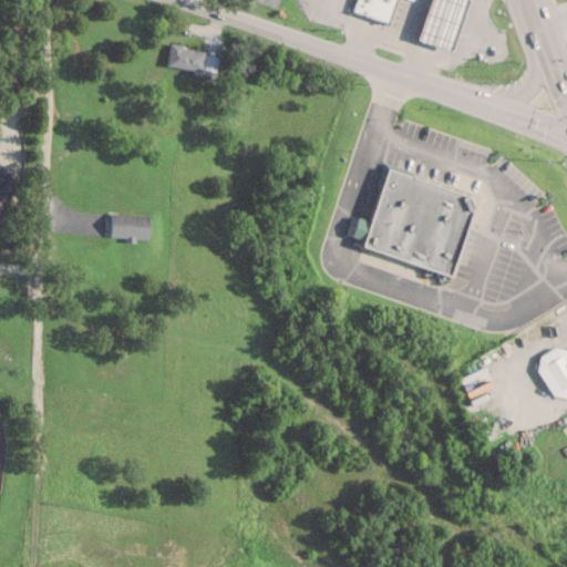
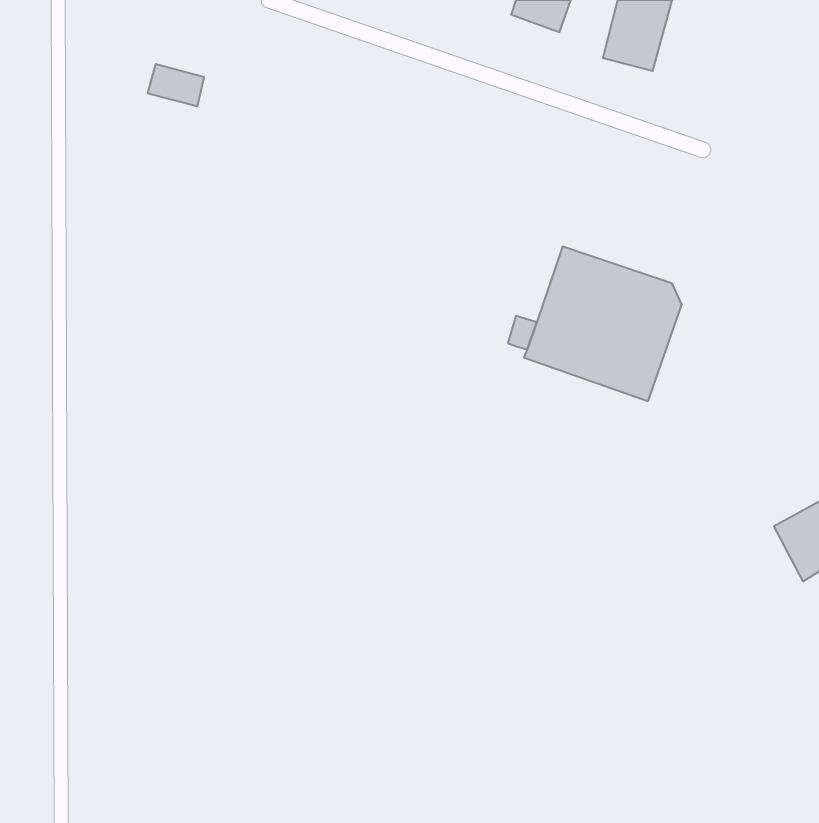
building: [166,43,205,72] -> [148,64,204,106]
building: [109,213,150,239] -> none

